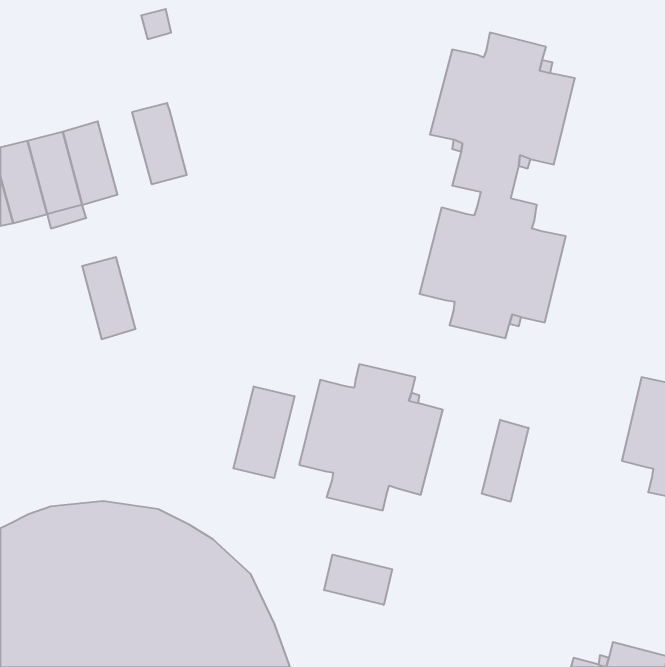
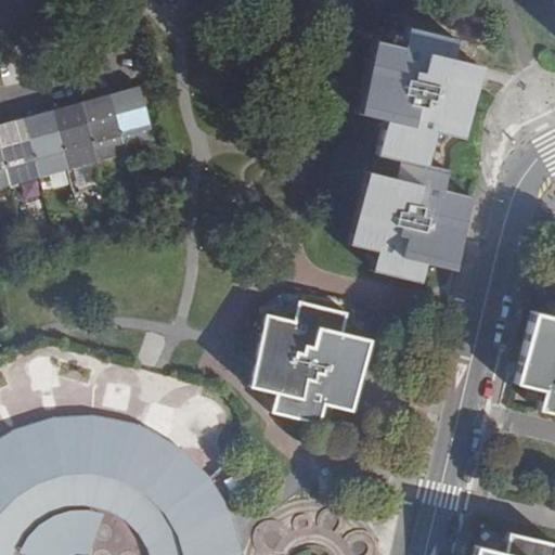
building: [82,257,136,339] -> [83,93,128,162]
building: [233,386,294,478] -> none
building: [482,420,529,502] -> none
building: [324,555,392,605] -> none

